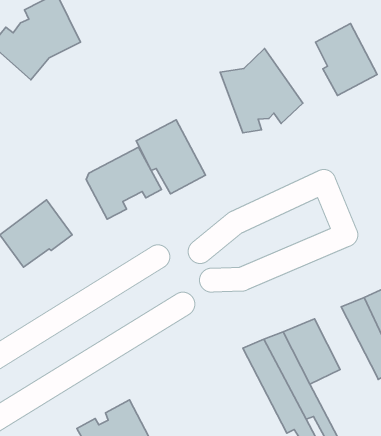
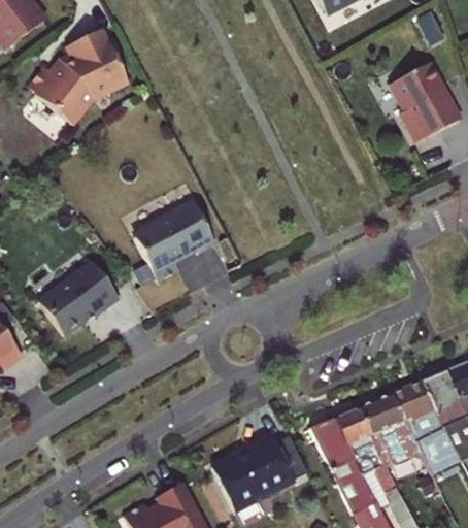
building: [220,49,303,133] -> none
building: [136,120,206,194] -> none
building: none -> [391,380,461,471]
building: none -> [210,437,293,512]

